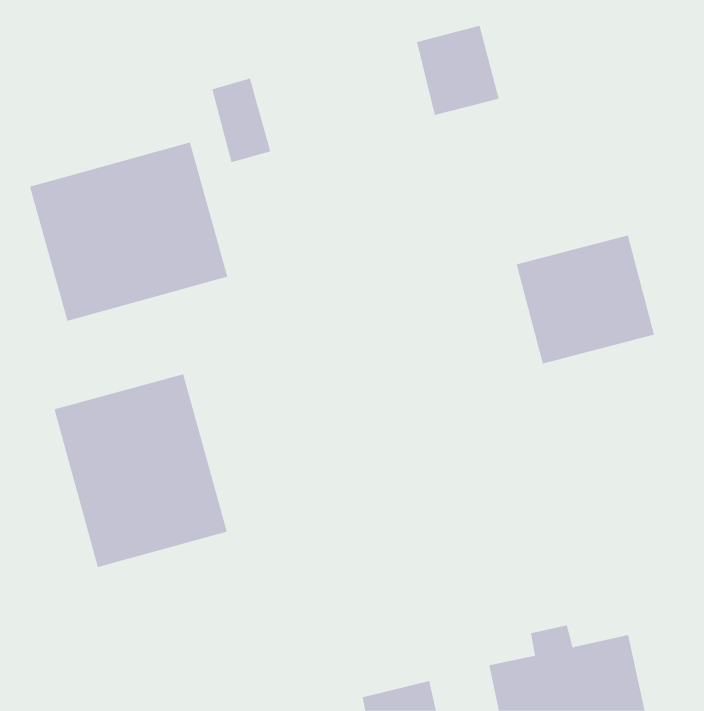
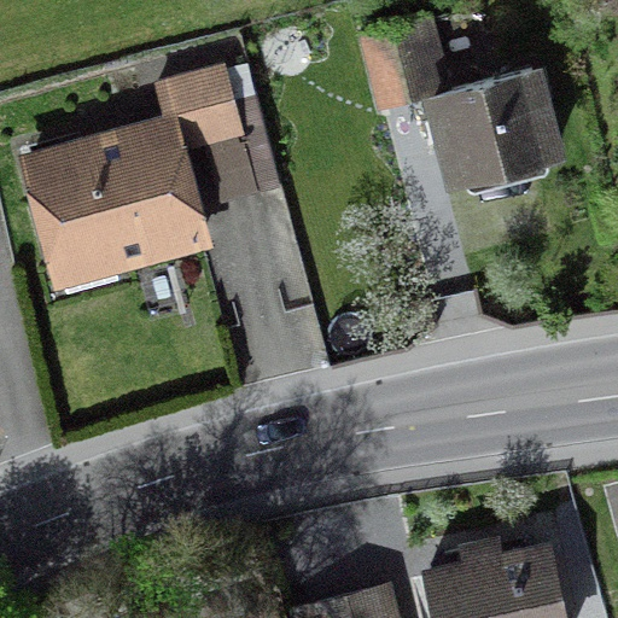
building: [516,235,655,364] -> [436,70,556,182]
building: [54,373,227,568] -> none

